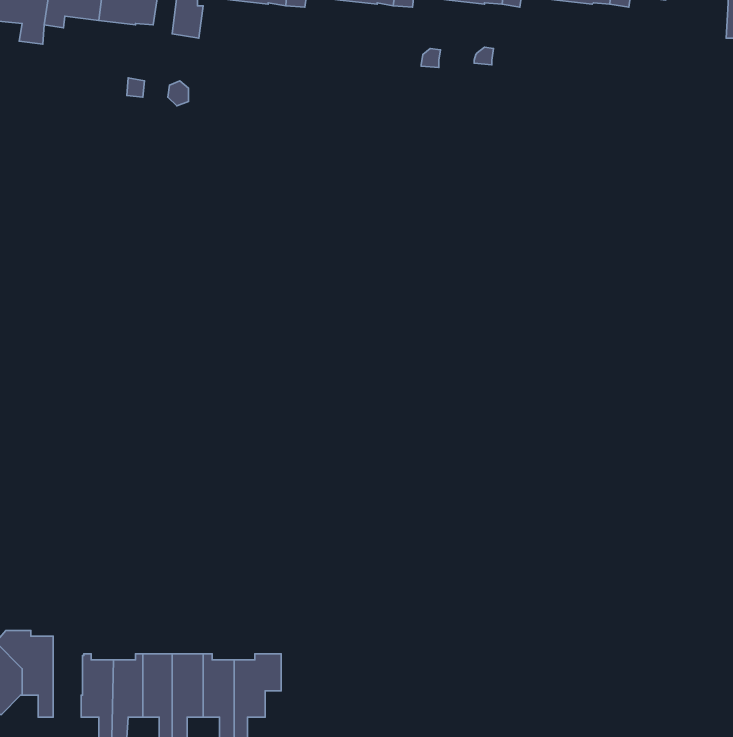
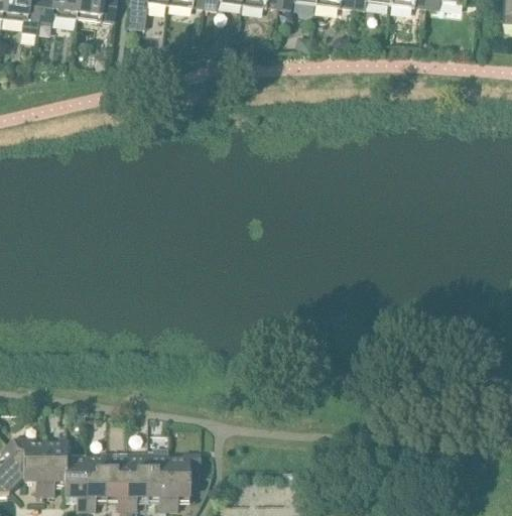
building: none -> [43,437,66,496]

